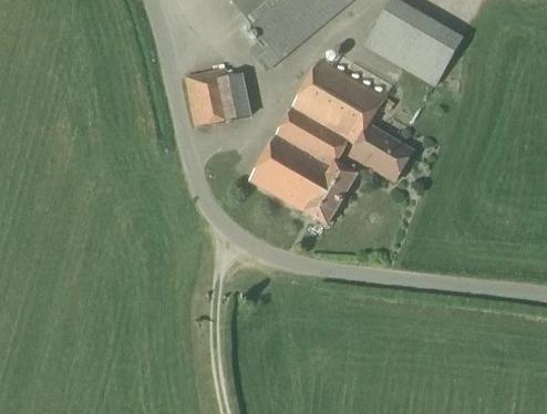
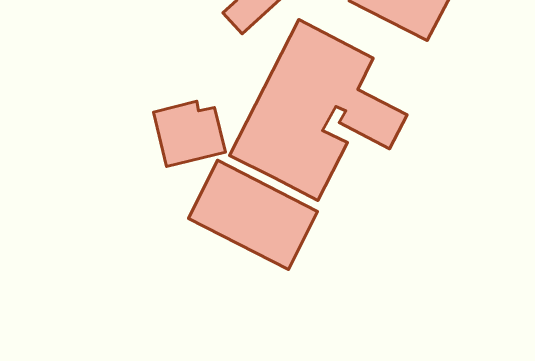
building: [186,66,249,124] -> [153,101,225,166]
building: none -> [189,160,317,269]

